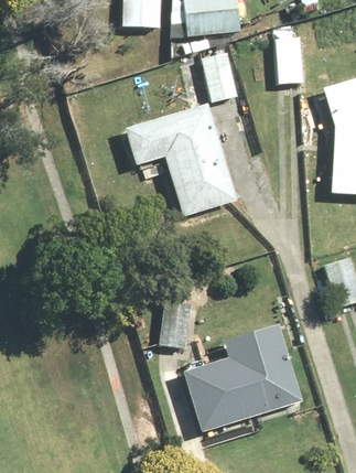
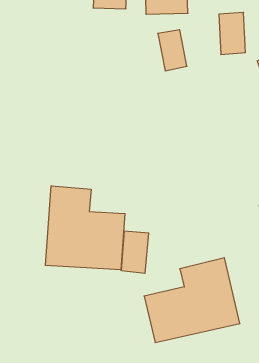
building: [125,105,236,216] -> none
building: none -> [45,186,125,270]

